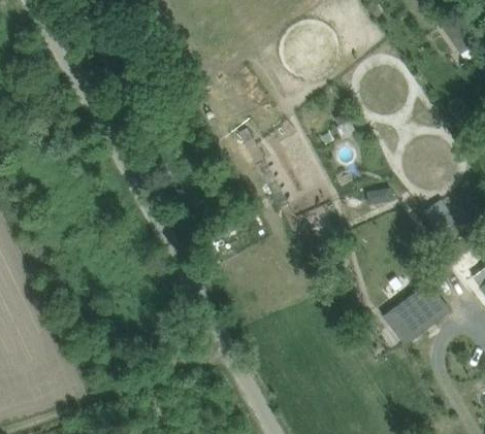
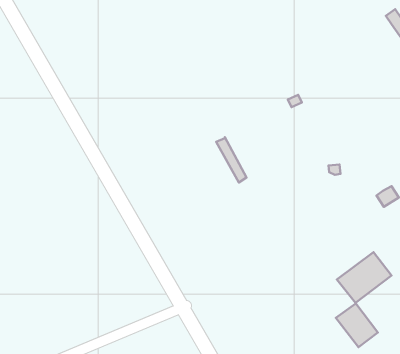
building: none -> [336,303,378,347]

